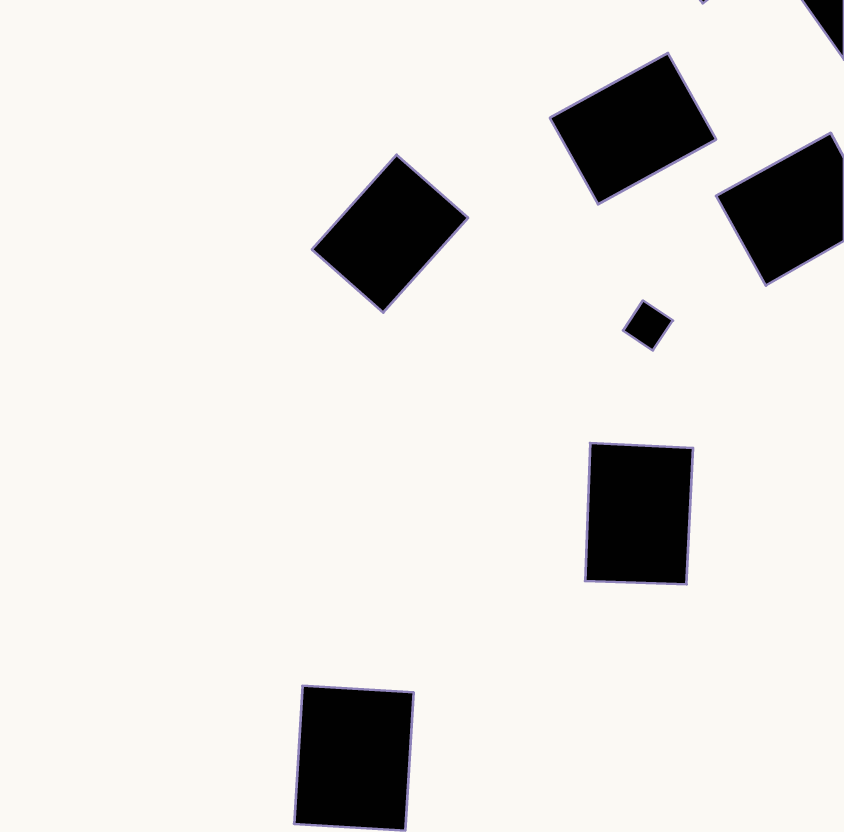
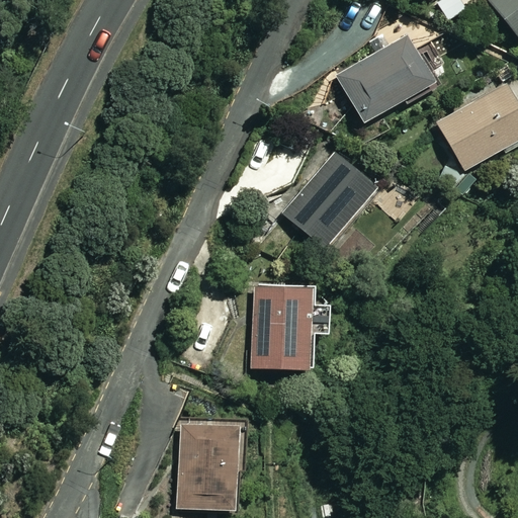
building: [312,155,468,313] -> [280,152,375,248]
building: [585,443,693,584] -> [251,287,317,373]

